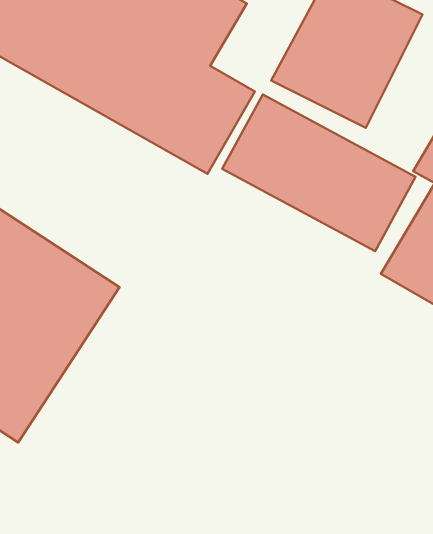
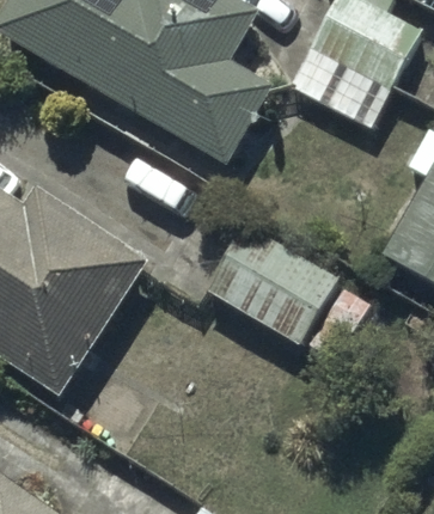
building: [222,94,416,251] -> [201,222,372,361]

